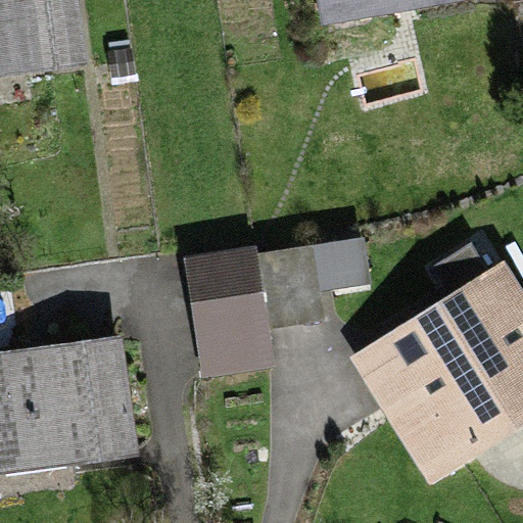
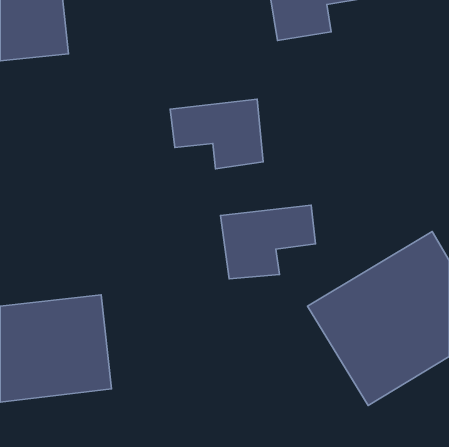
building: none -> [170,99,263,169]
building: [185,244,272,374] -> none

